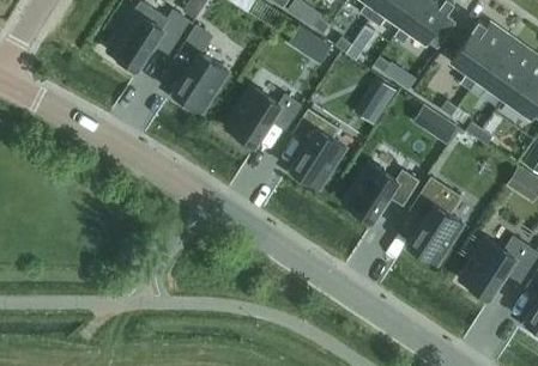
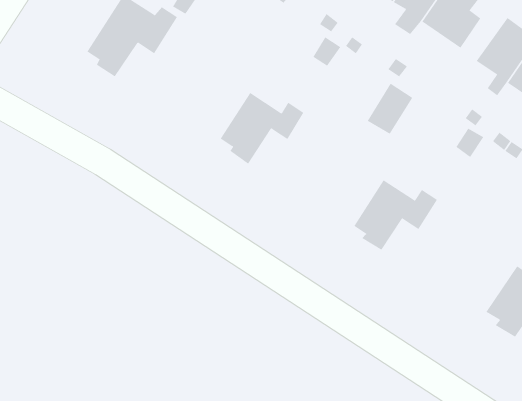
building: [171,26,229,111] -> none
building: [289,110,346,188] -> none
building: [406,178,464,264] -> none

